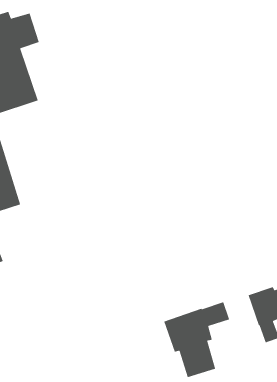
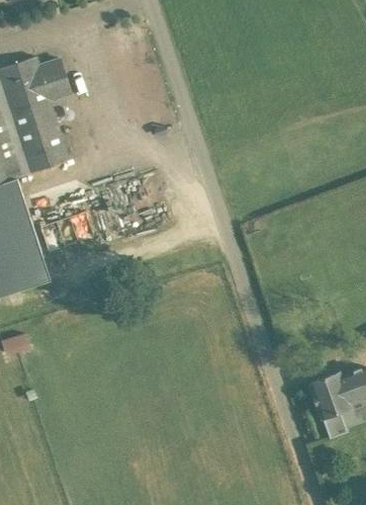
building: [163,301,230,378] -> none

